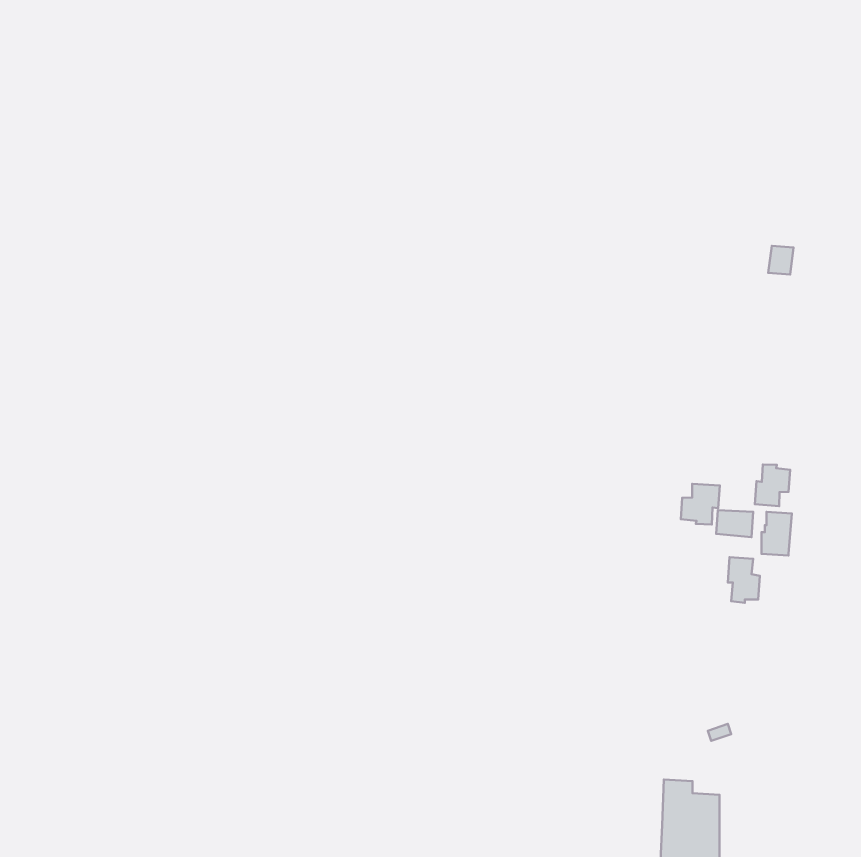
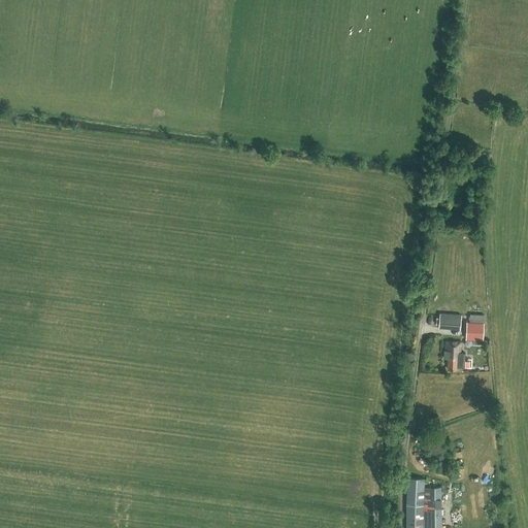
building: [755,465,790,506] -> none
building: [681,484,720,524] -> none

